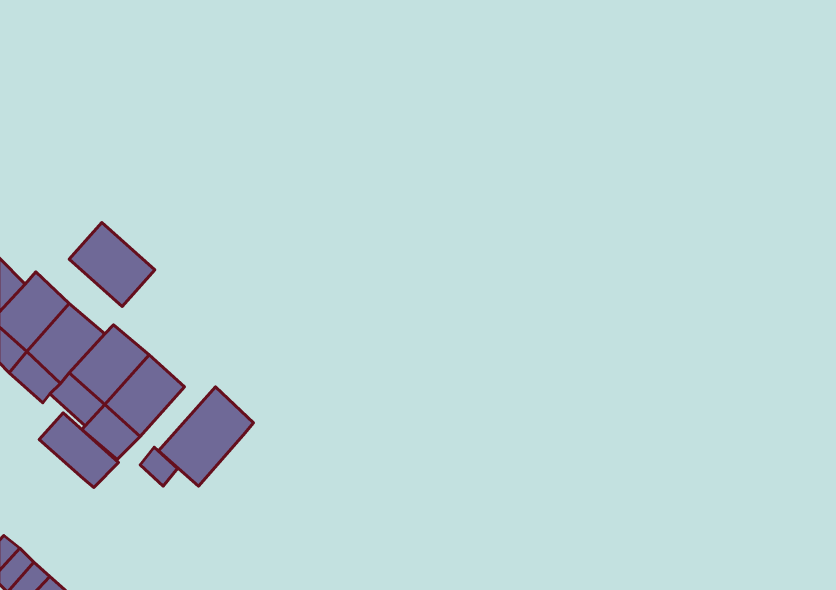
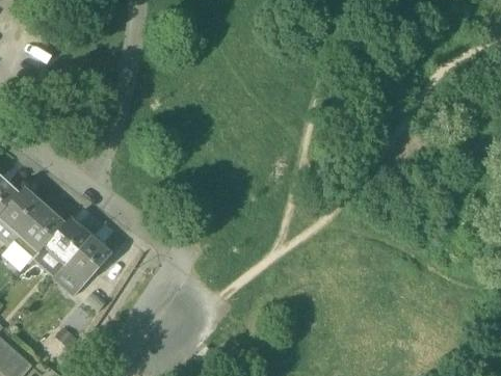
building: [69,222,155,306] -> none
building: [158,387,253,486] -> none
building: [39,413,118,488] -> none

